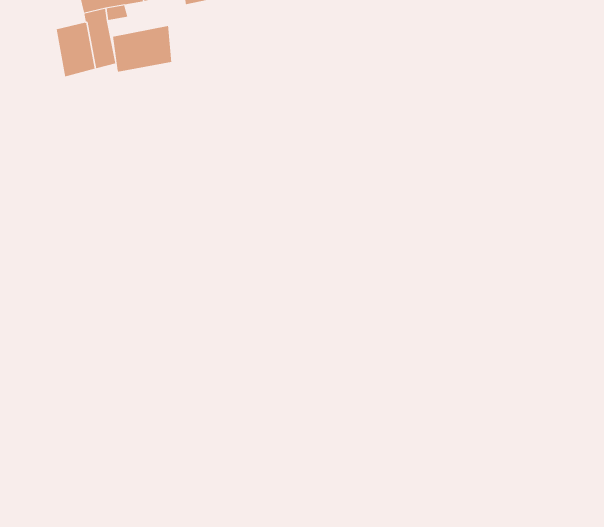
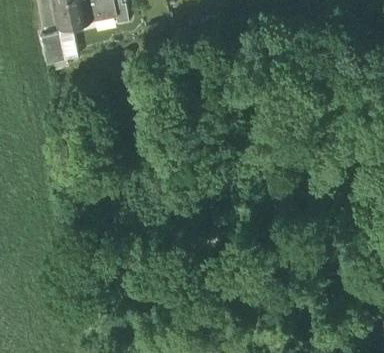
building: [112,25,172,73] -> none

